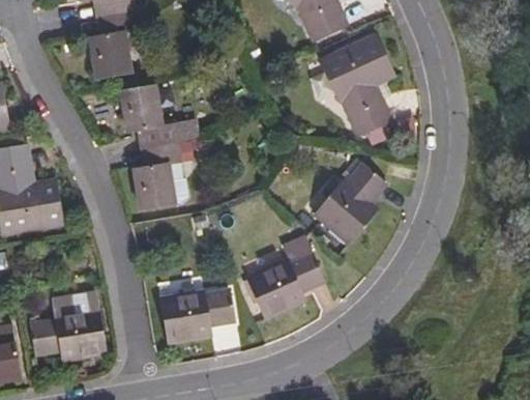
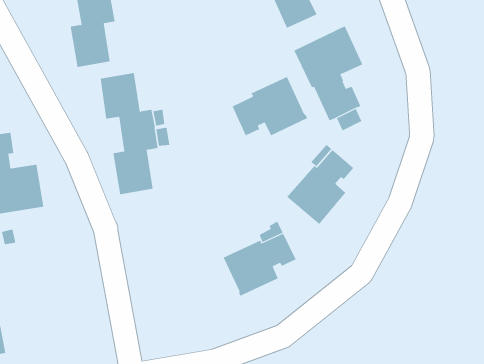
building: none -> [232,76,308,136]
building: [161,289,234,341] -> none
building: [31,308,107,360] -> none

